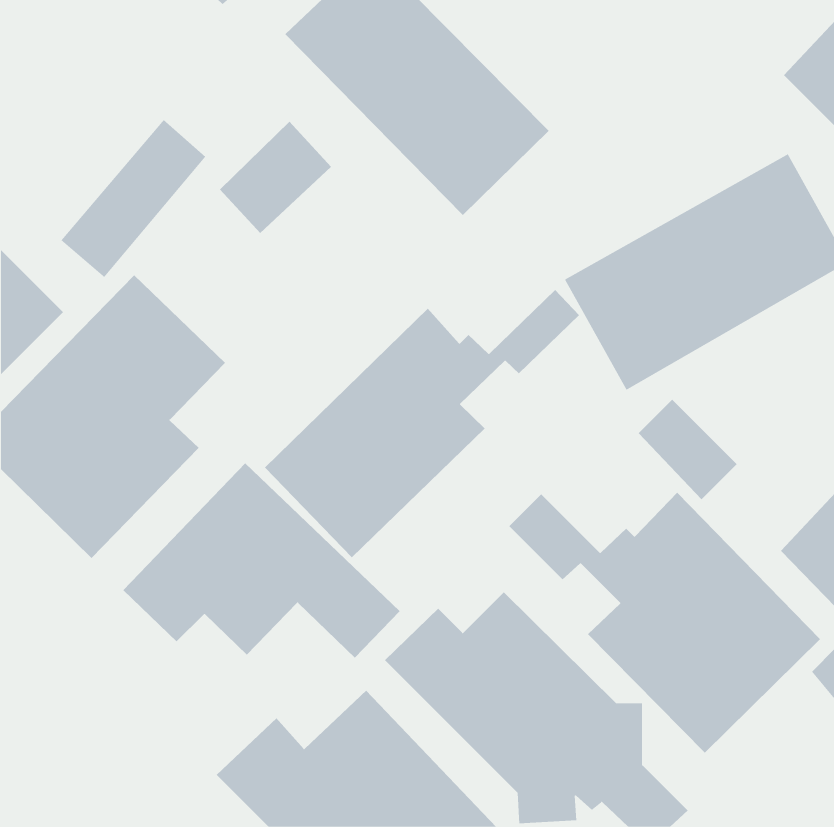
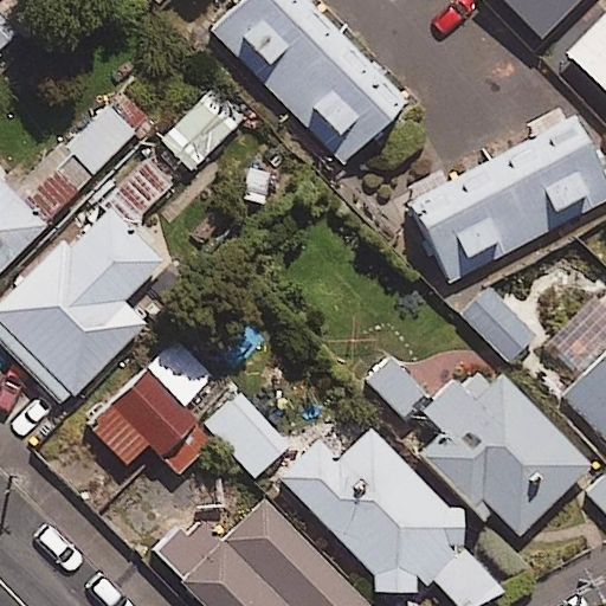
building: [264,289,580,558] -> none

